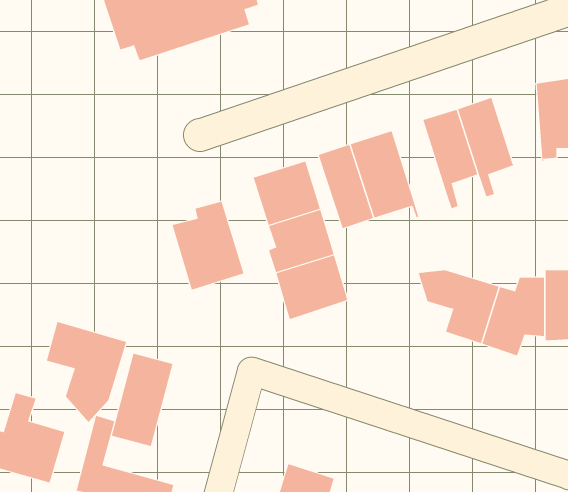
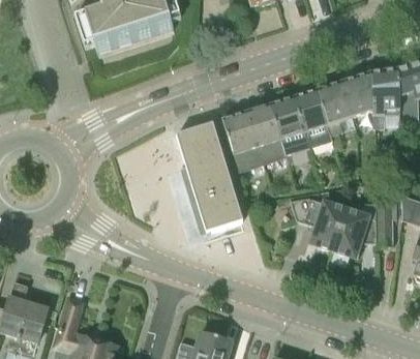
building: none -> [339,70,373,125]
building: none -> [271,95,308,161]
building: [172,201,244,290] -> none
building: [46,321,127,423] -> none
building: [111,353,173,447] -> none

